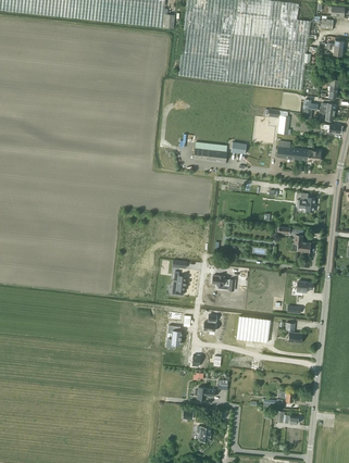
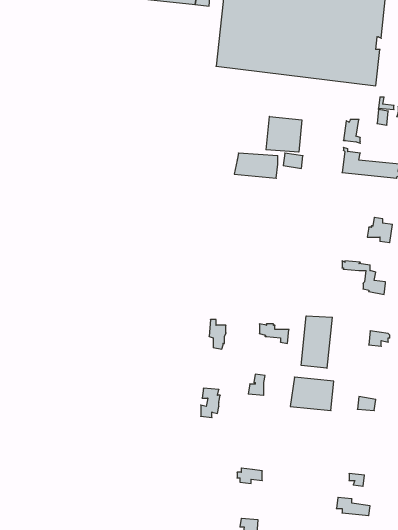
building: none -> [266,116,302,152]
building: none -> [301,316,332,368]

